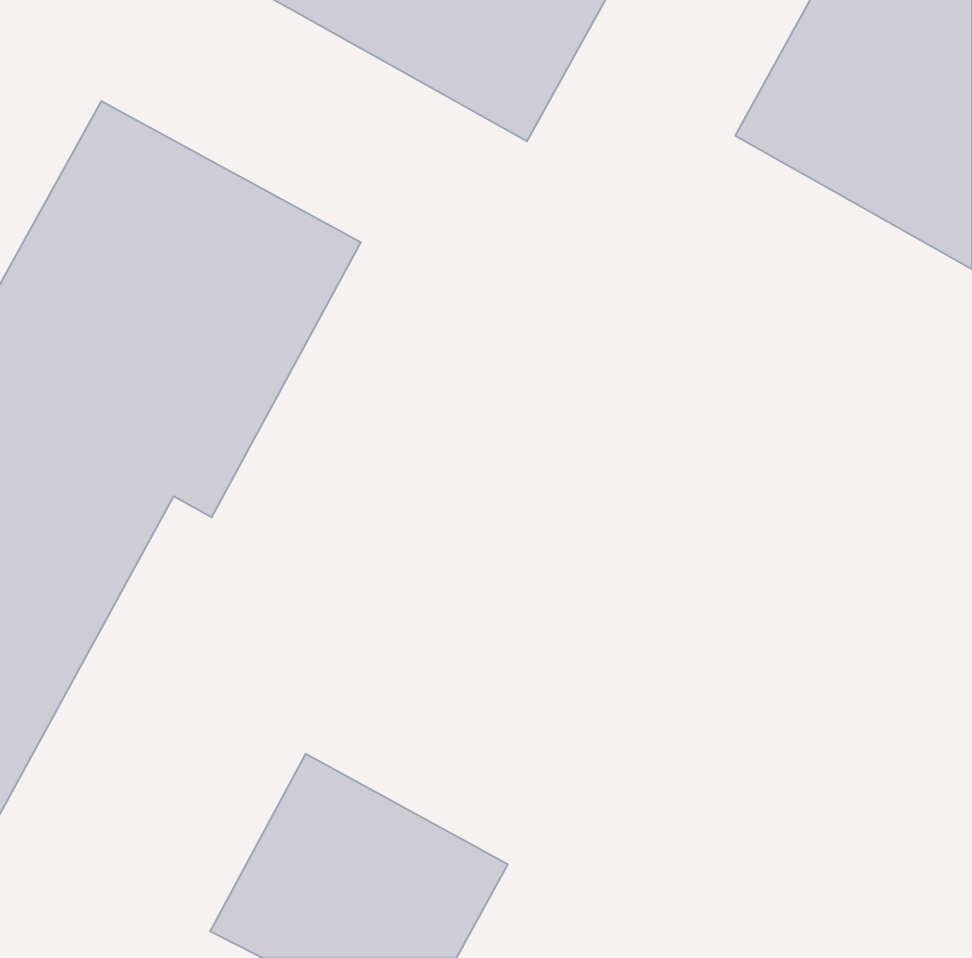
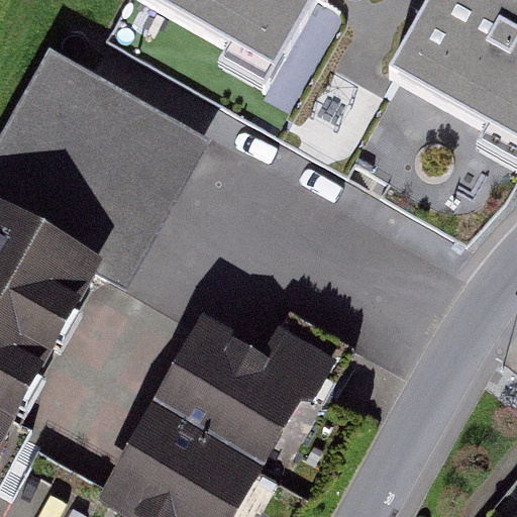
building: none -> [162,300,363,457]

